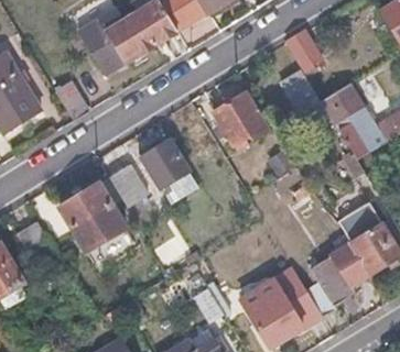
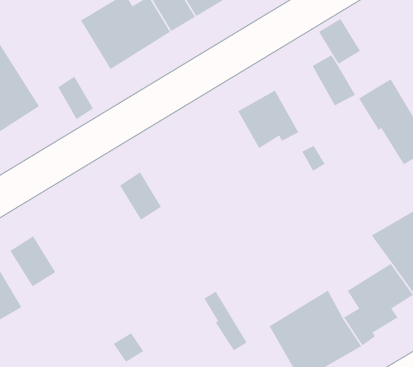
building: [142,140,198,204] -> none
building: [60,183,127,251] -> none

